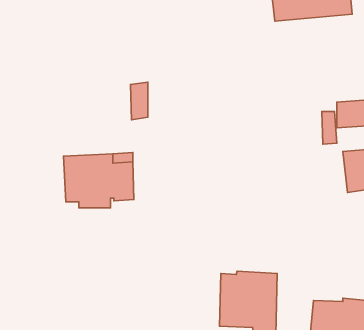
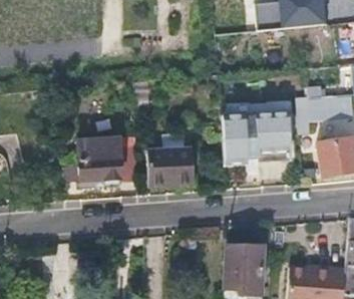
building: none -> [223,110,290,164]
building: none -> [146,147,193,186]

